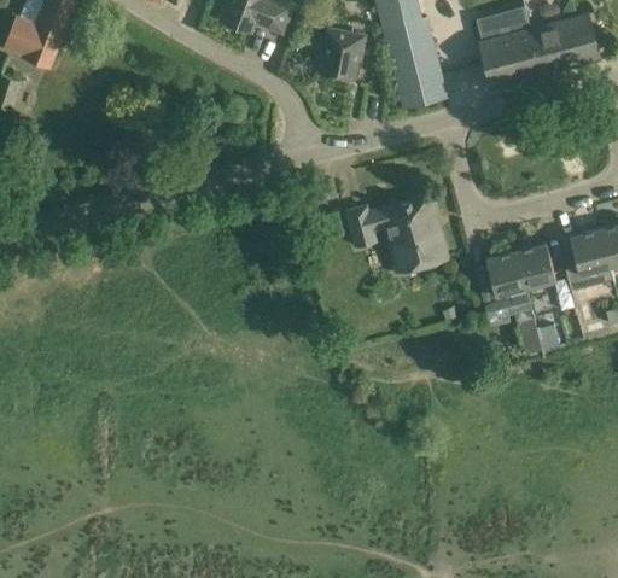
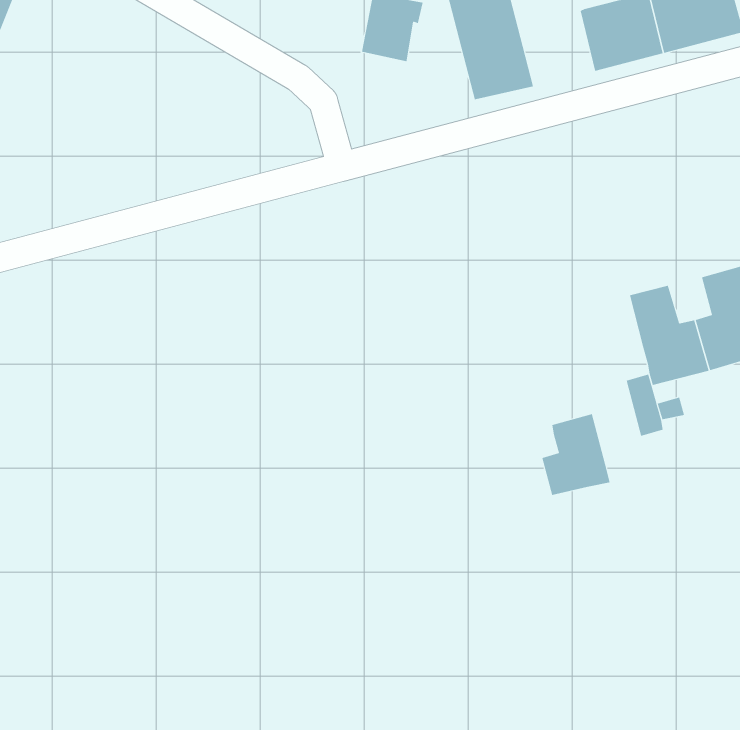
building: [348,193,447,270] -> none
building: [479,250,530,310] -> [542,413,611,496]

